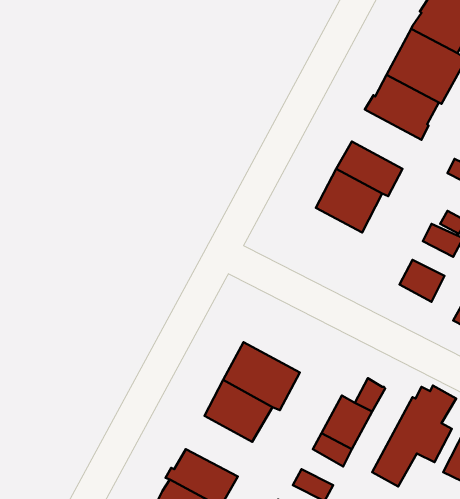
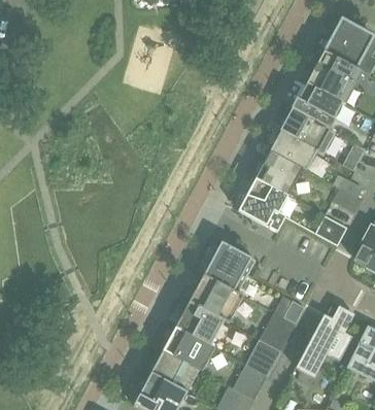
building: none -> [279,109,335,153]
building: none -> [237,178,287,232]
building: none -> [203,241,254,293]
building: none -> [162,327,214,371]

